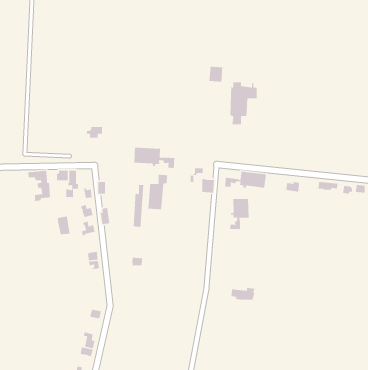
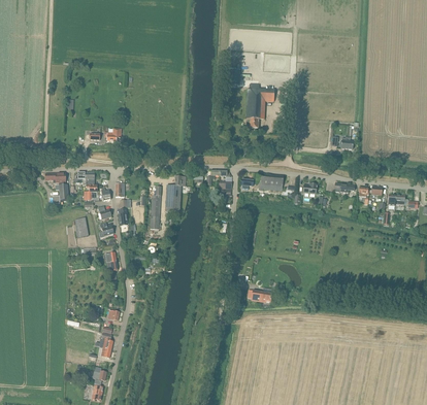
building: [134,147,175,169] -> none
building: [229,198,249,230] -> none

